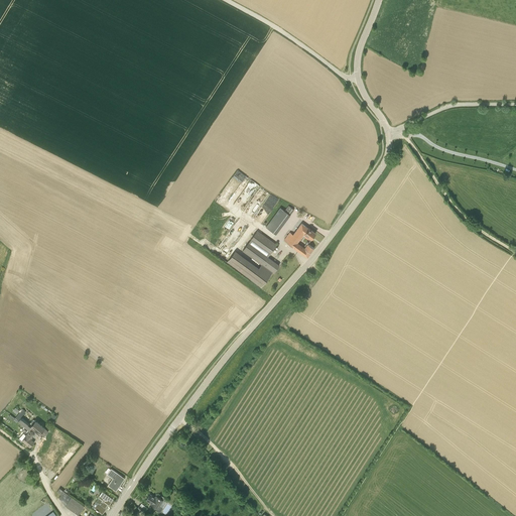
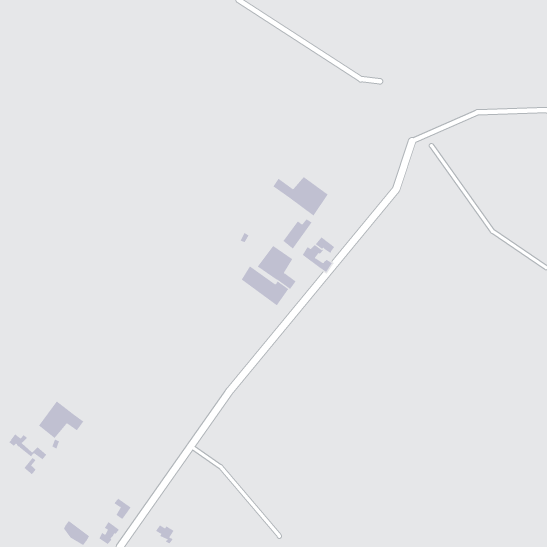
building: none -> [272,176,328,216]
building: none -> [38,400,84,439]

